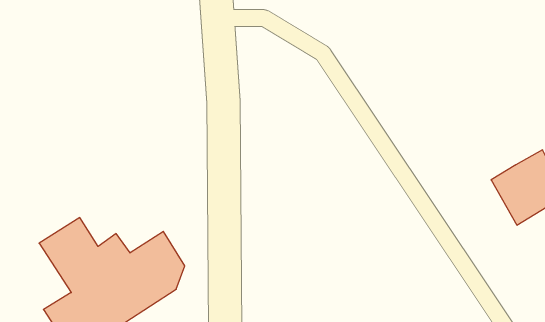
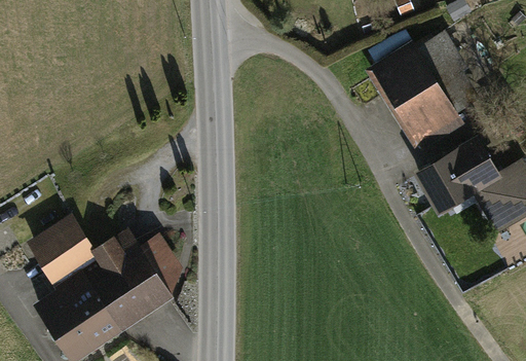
building: none -> [380,39,473,133]
building: none -> [420,142,496,207]

